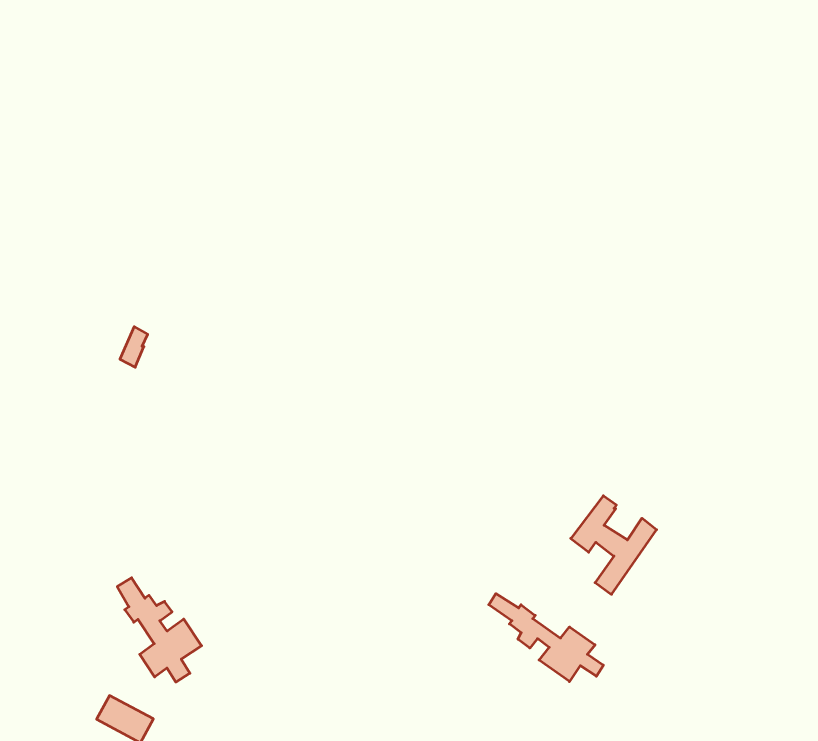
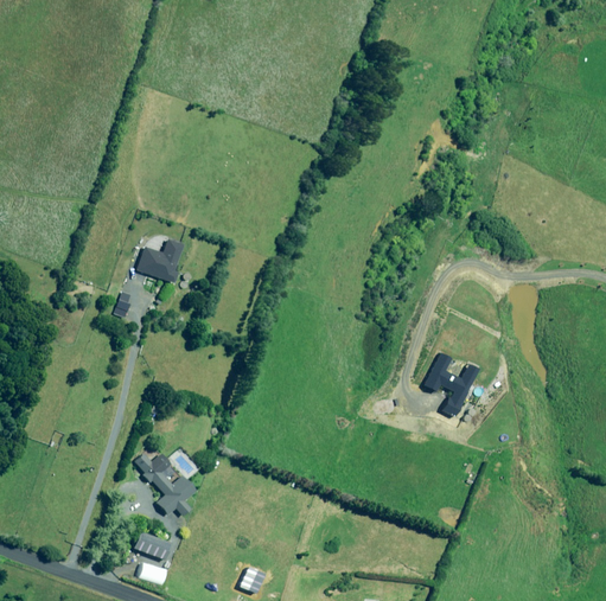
building: none -> [138,237,184,282]
building: [489,594,603,682] -> none

